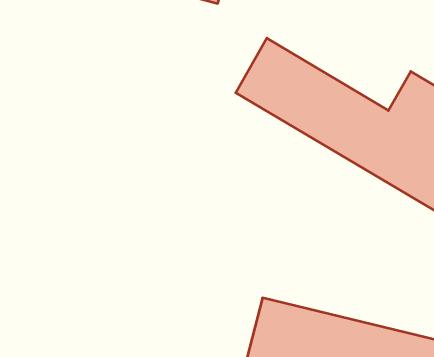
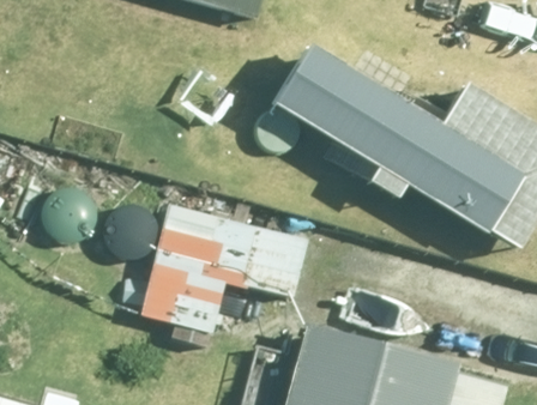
building: none -> [144,207,304,333]

